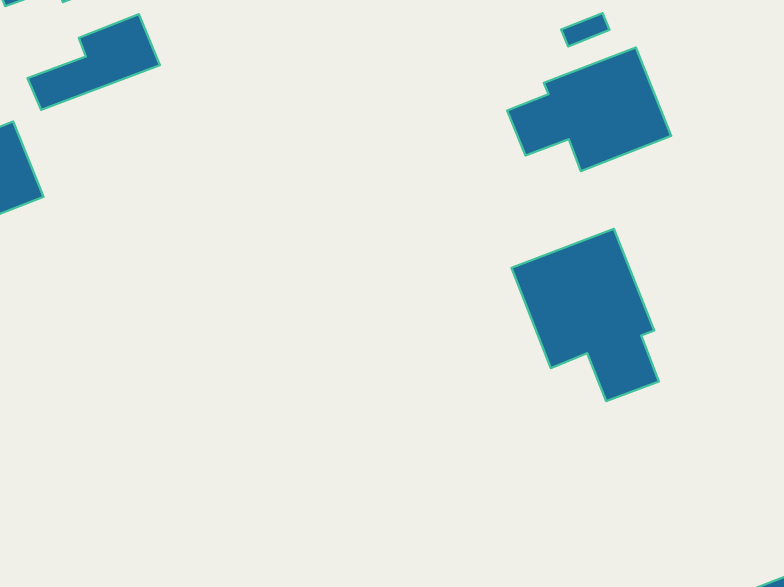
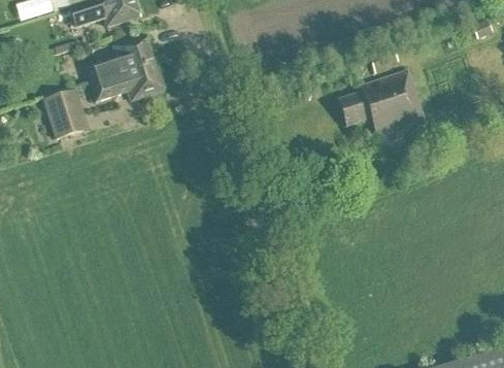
building: none -> [90,63,163,101]
building: [512,229,659,401] -> none

